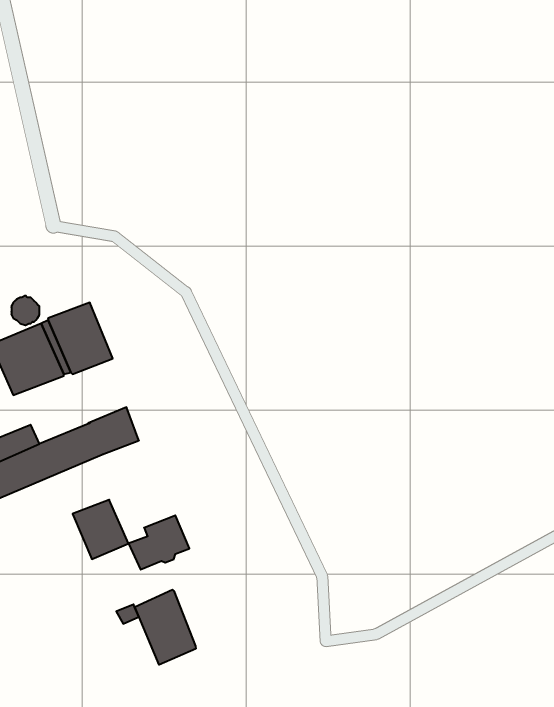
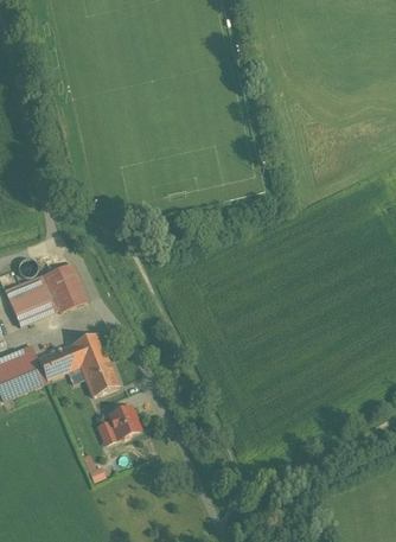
building: [73,500,128,559] -> [81,355,119,395]
building: [135,590,196,665] -> none

